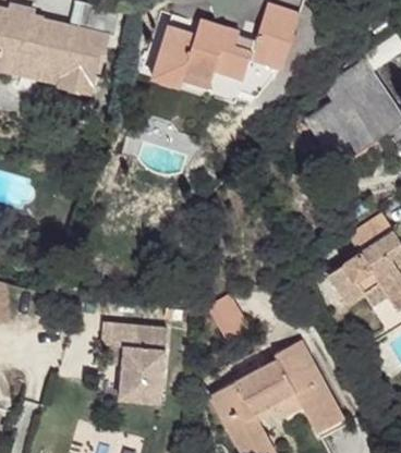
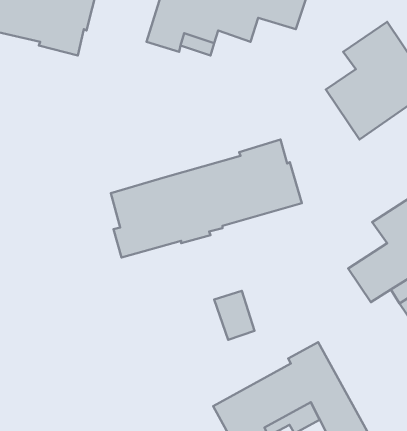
building: none -> [111,140,302,257]
building: [101,323,166,403] -> none

